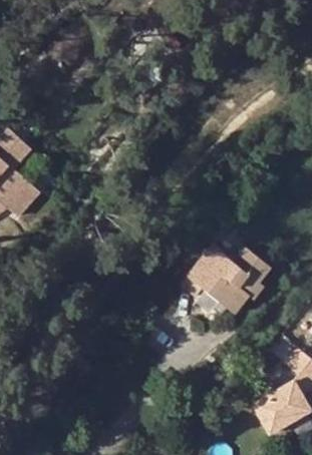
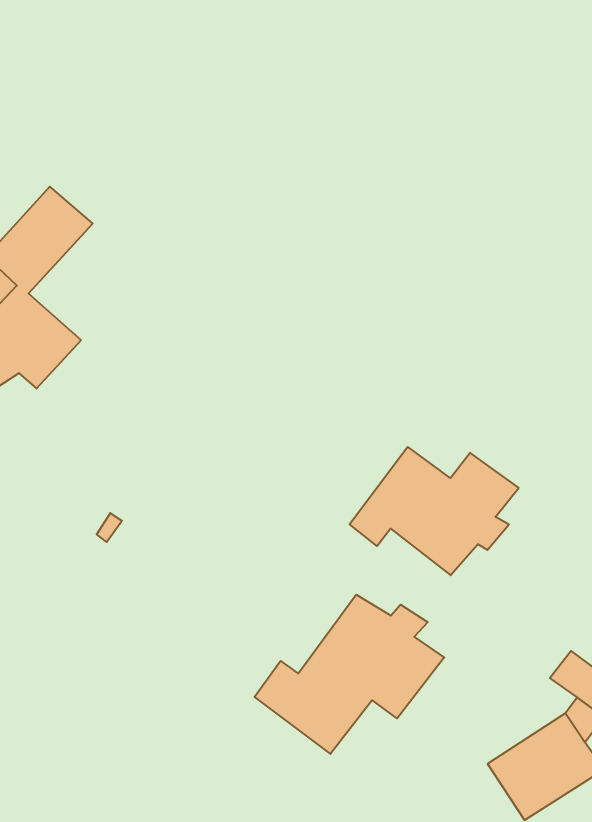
building: none -> [255,595,444,754]

